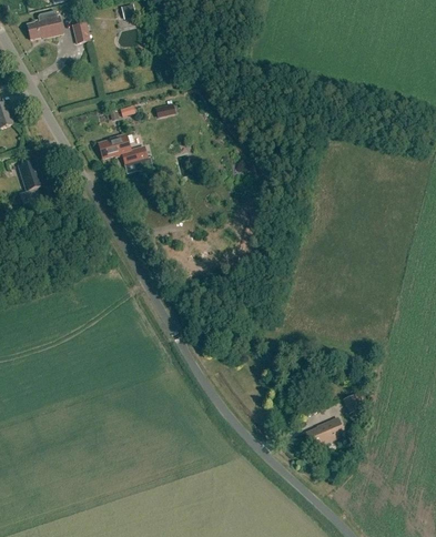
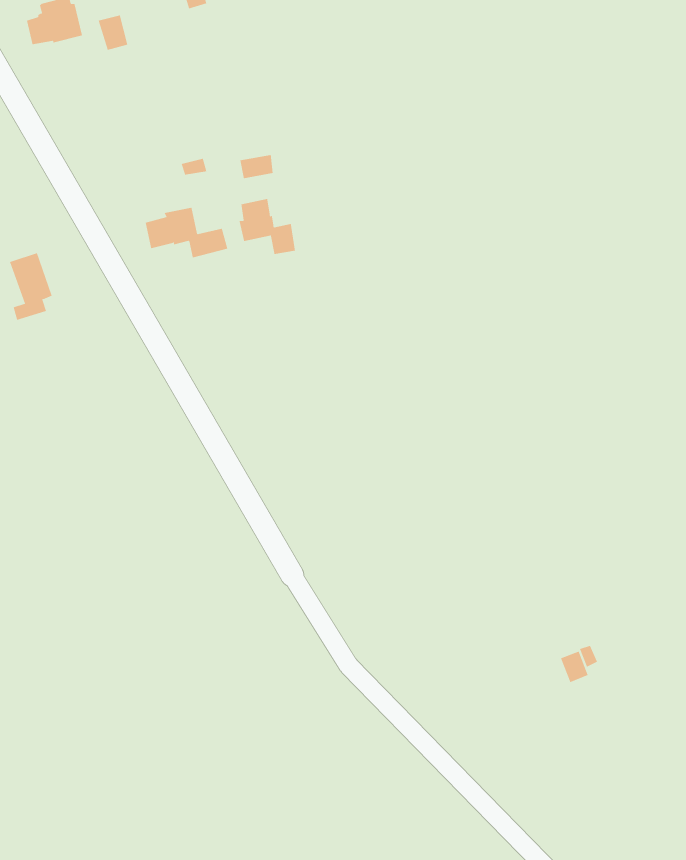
building: none -> [239,198,295,255]
building: [308,421,341,446] -> none

